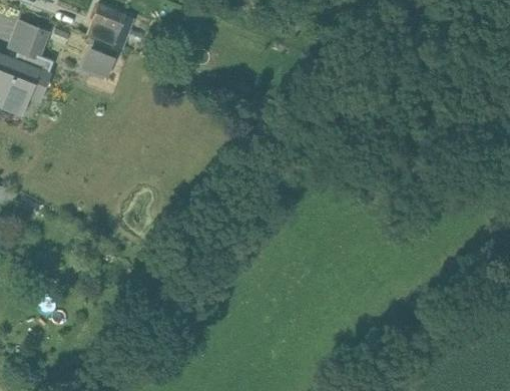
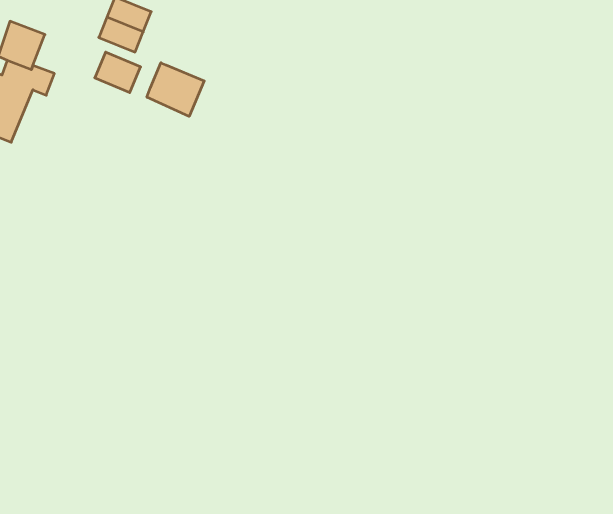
building: none -> [147,63,204,116]

